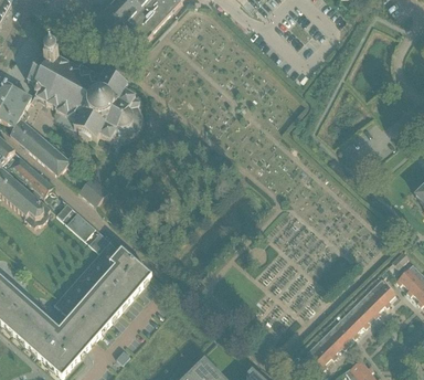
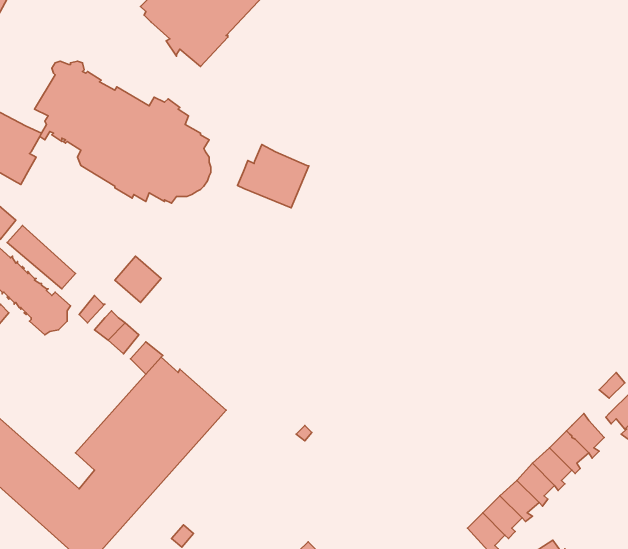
building: none -> [238,145,309,208]
building: [9,118,74,175] -> none

